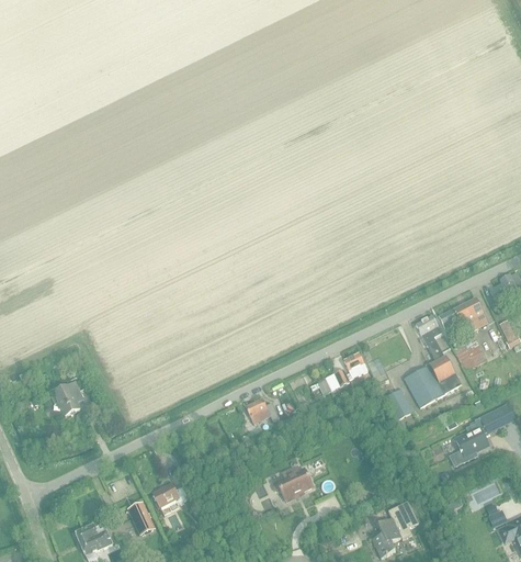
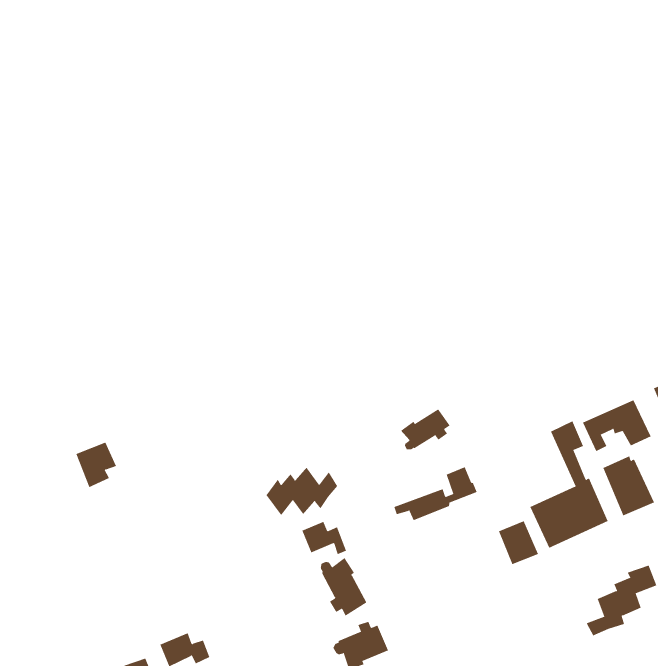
building: none -> [400,408,451,450]
building: none -> [266,467,338,516]
building: [53,382,82,415] -> [75,442,117,488]
building: none -> [320,557,367,616]

